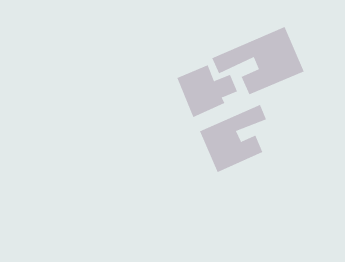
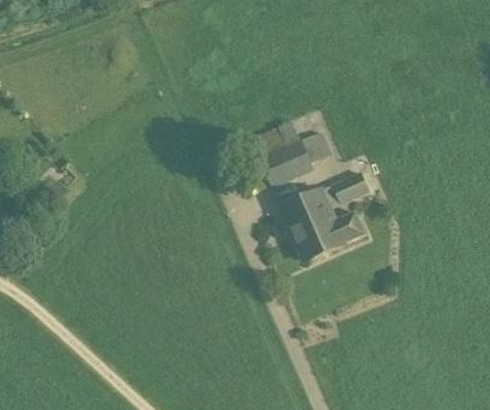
building: [211,26,305,95] -> none

